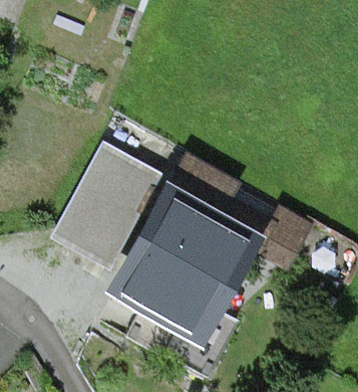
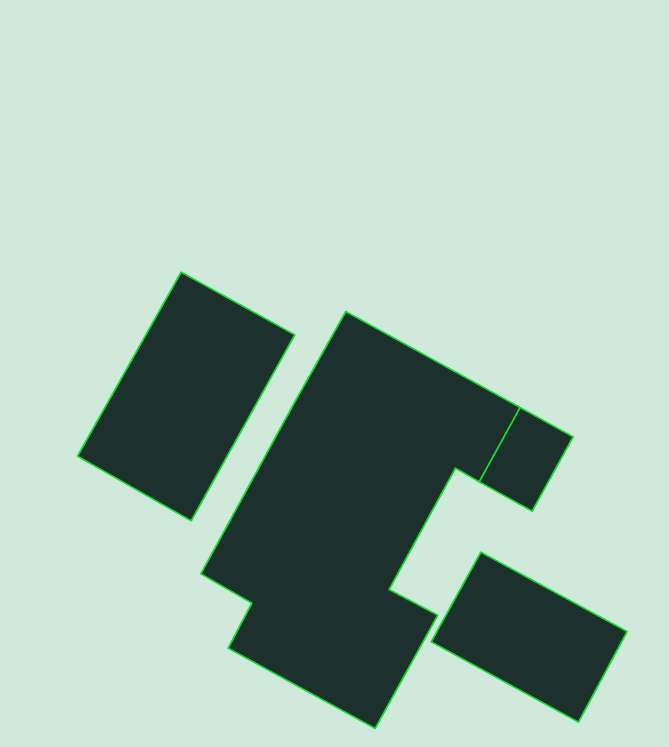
building: none -> [431,552,627,722]

